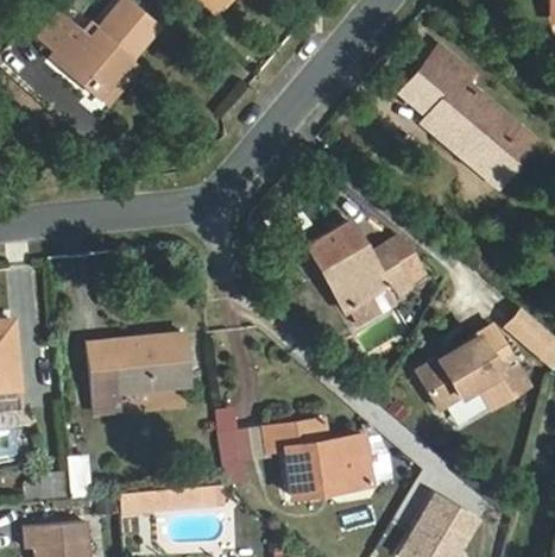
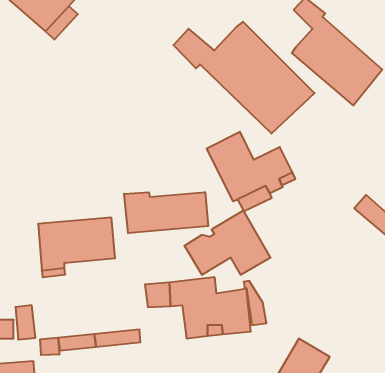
building: [404,63,450,113] -> none
building: none -> [173,22,315,134]
building: none -> [124,192,208,233]
building: [415,324,528,408] -> [184,211,271,275]

